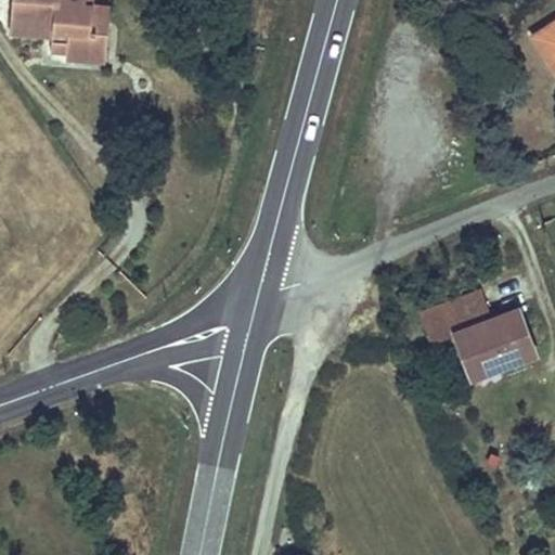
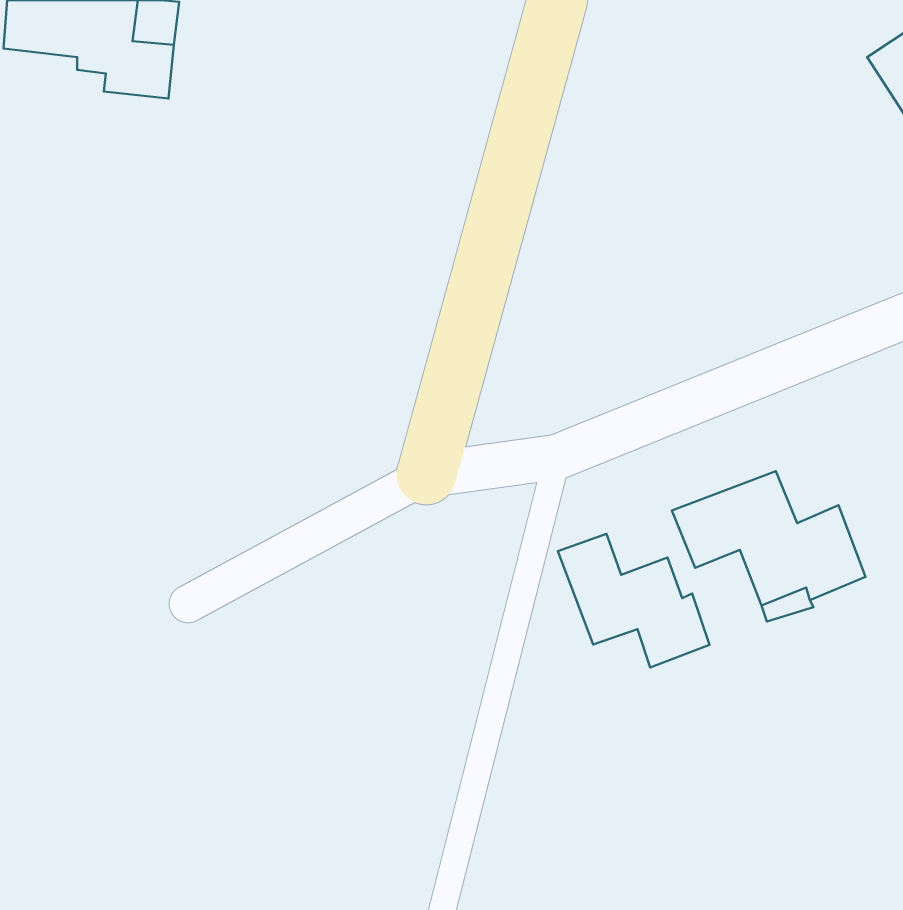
building: none -> [558,534,710,668]

